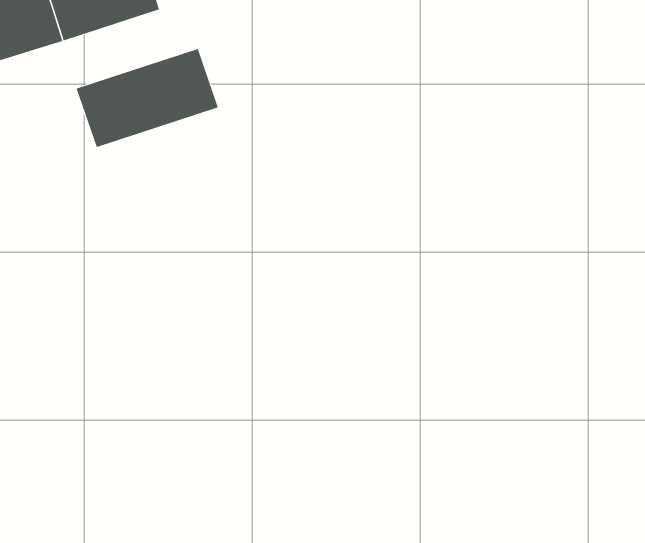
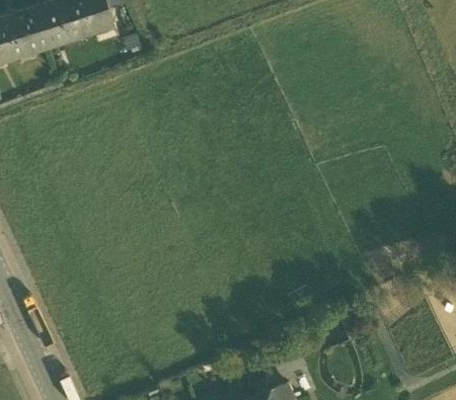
building: [76,48,219,148] -> none

